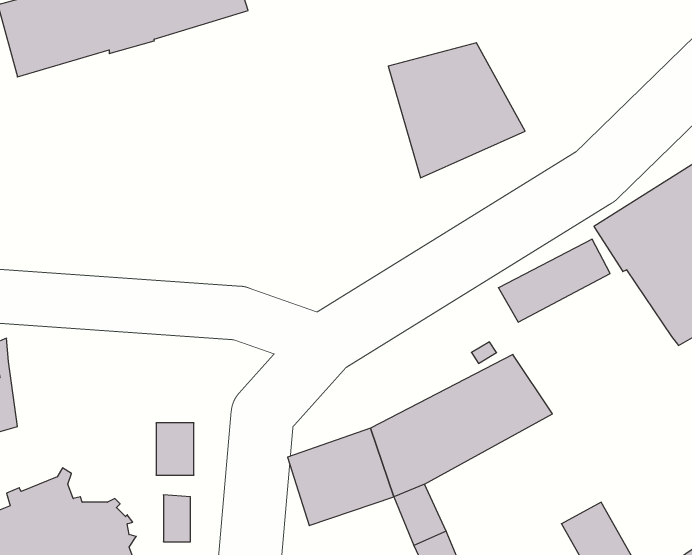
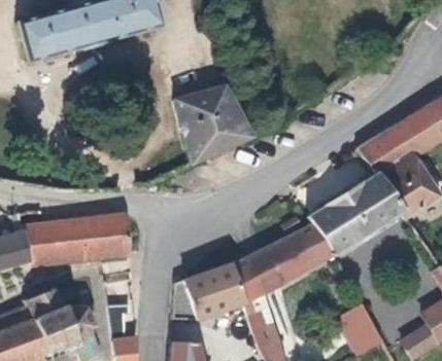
building: [388,43,525,178] -> [173,86,251,164]
building: none -> [309,173,403,255]
building: none -> [24,215,130,264]

